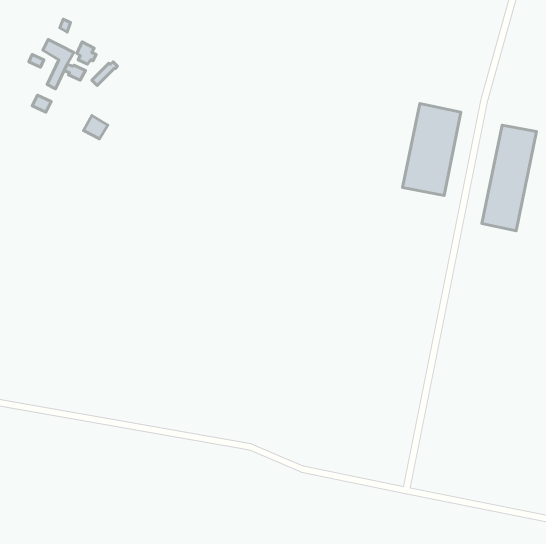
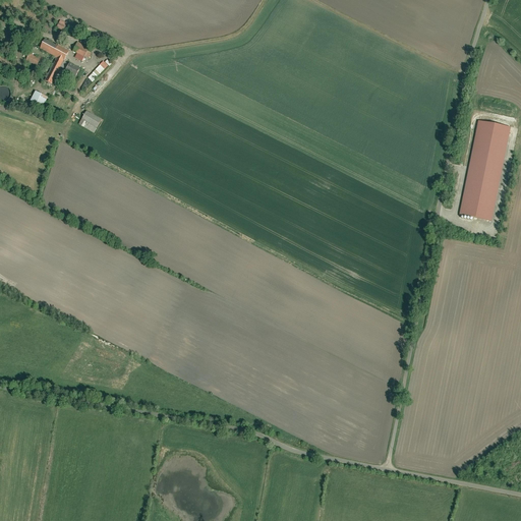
building: [403,103,461,195] -> none

